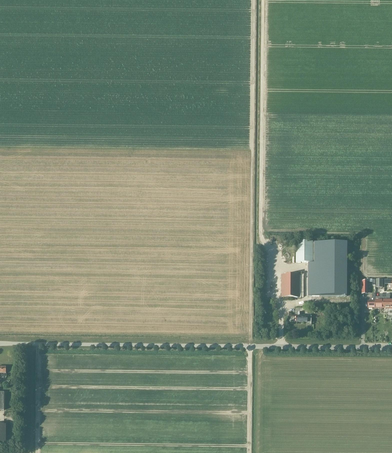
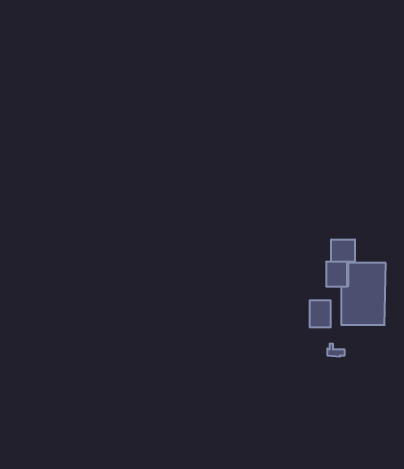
building: none -> [331,239,355,262]

